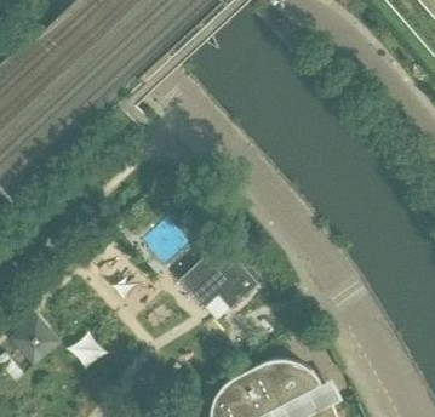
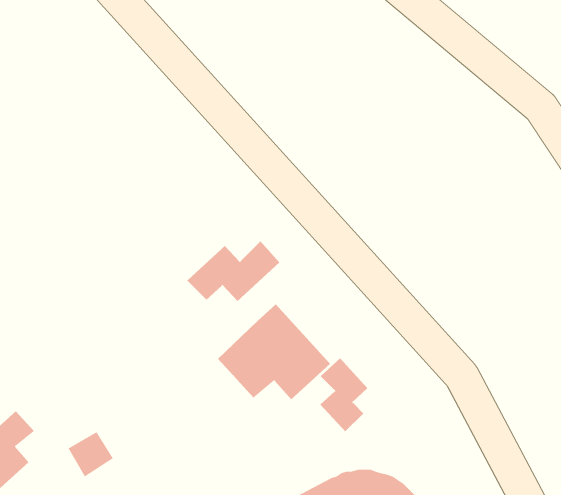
building: none -> [186,241,280,302]
building: none -> [320,358,368,432]

